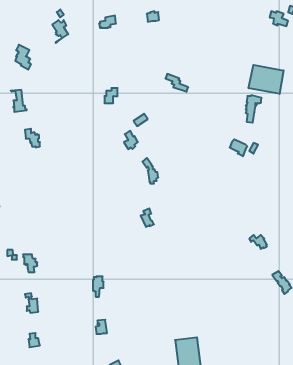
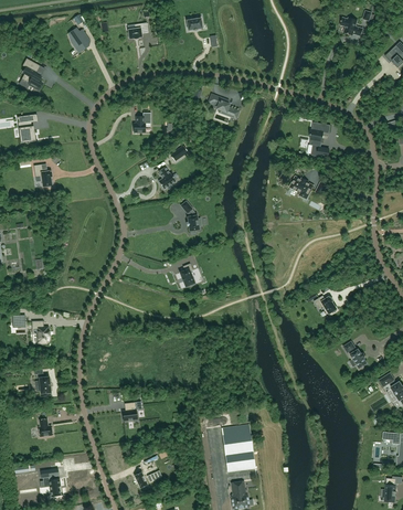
building: [249,65,284,94] -> none

